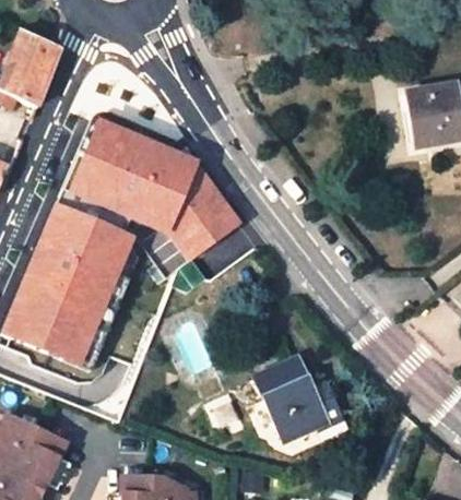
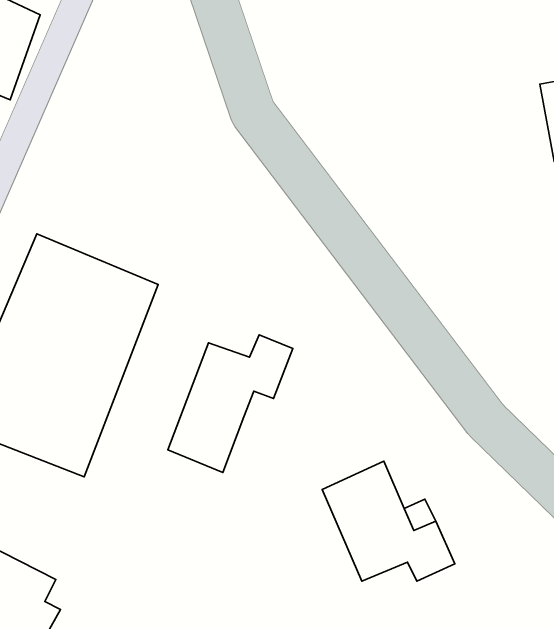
building: [68,117,244,262] -> none
building: none -> [168,335,293,472]

